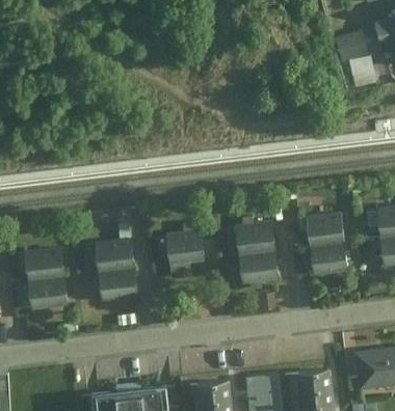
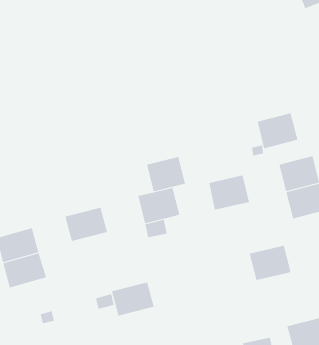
building: none -> [257,113,298,149]
building: none -> [147,156,186,192]
building: [240,250,279,280] -> [249,245,292,281]
building: [99,261,138,290] -> [111,282,154,316]

